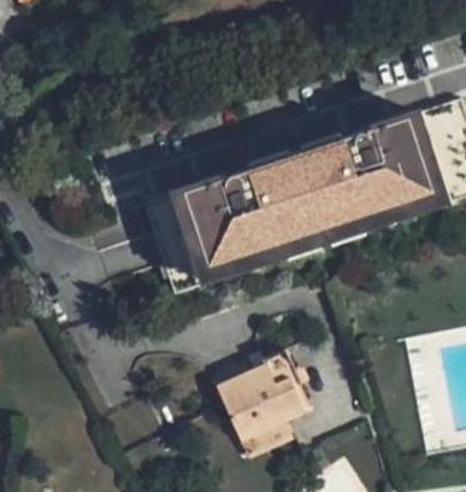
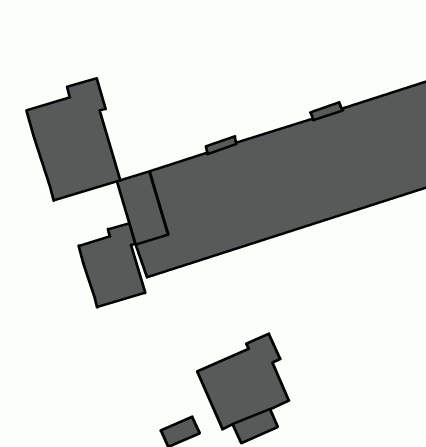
building: none -> [27,78,120,201]
building: none -> [79,223,145,307]

